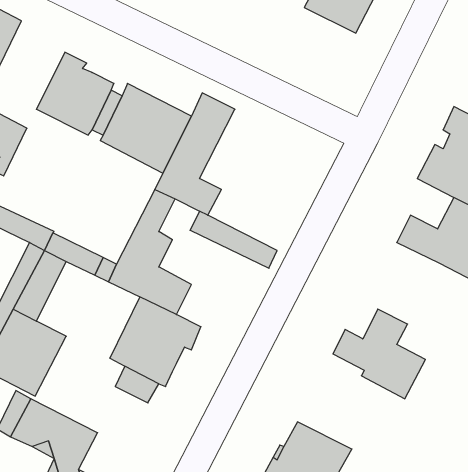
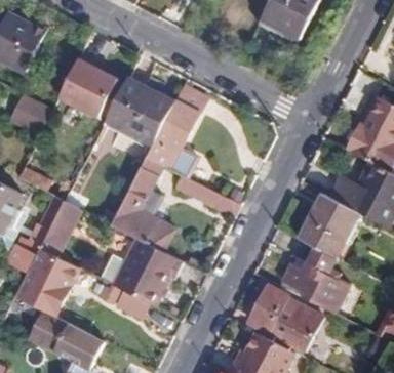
building: none -> [297,193,360,258]
building: none -> [247,285,321,353]

